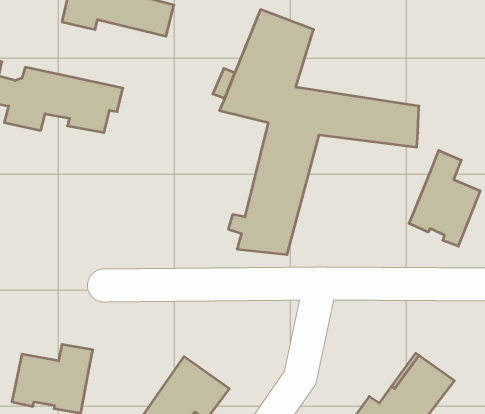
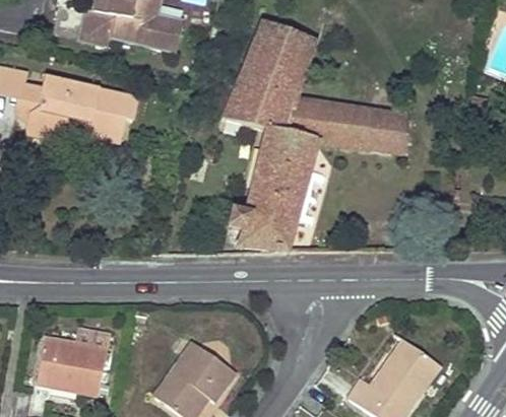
building: [409,150,480,246] -> none

